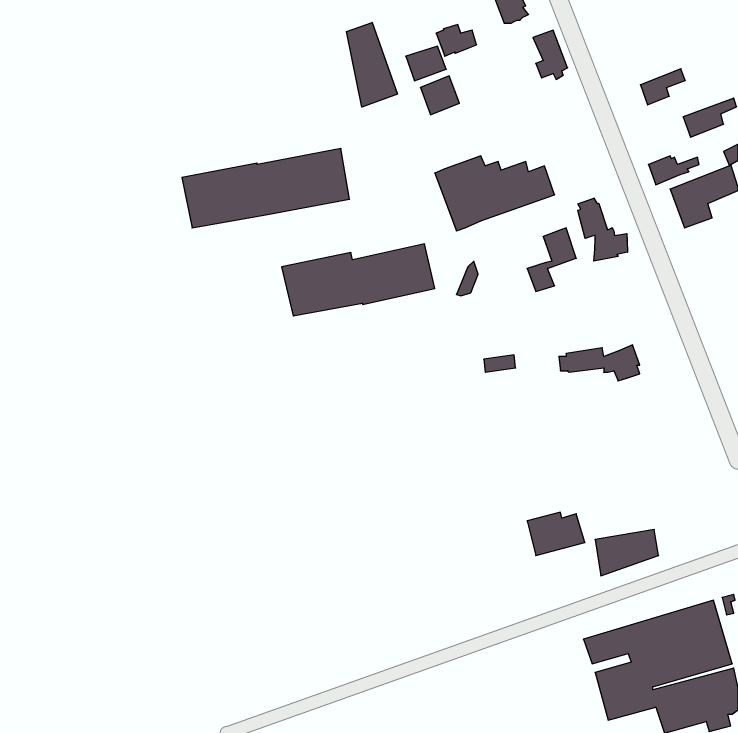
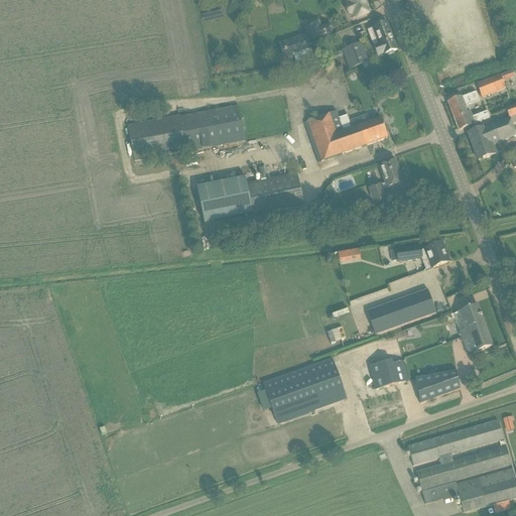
building: [347,22,397,107] -> none
building: [640,69,685,105] -> [447,90,479,115]
building: [420,76,459,115] -> [341,40,368,68]
building: [578,198,627,261] -> none
building: none -> [366,287,435,334]
building: none -> [459,303,493,352]
building: none -> [262,356,347,422]

